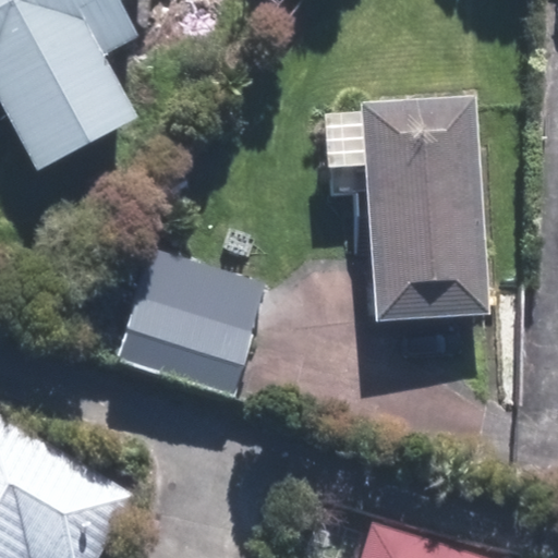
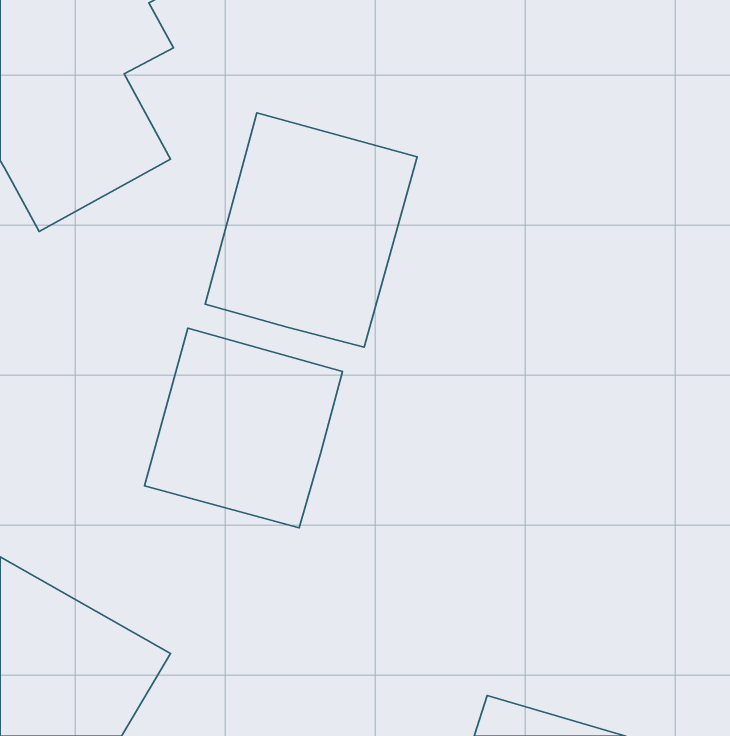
building: none -> [205,113,417,347]
building: [361,96,484,320] -> none

